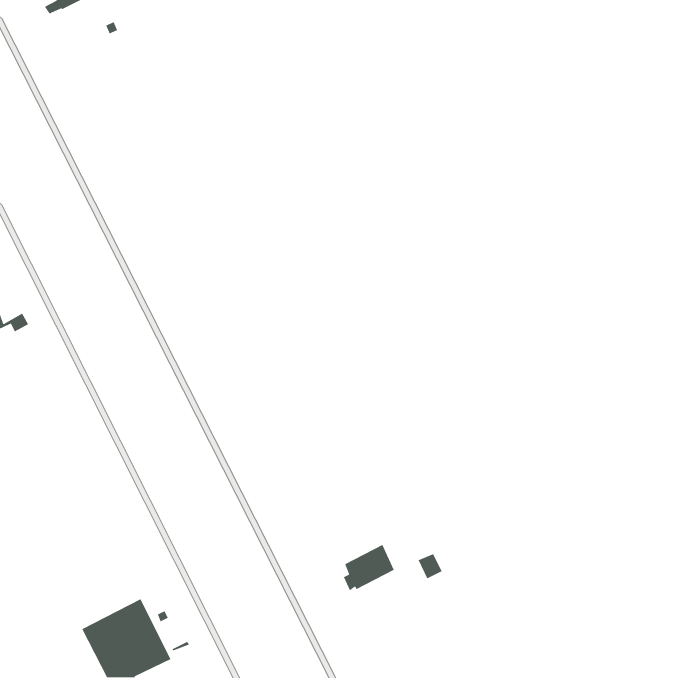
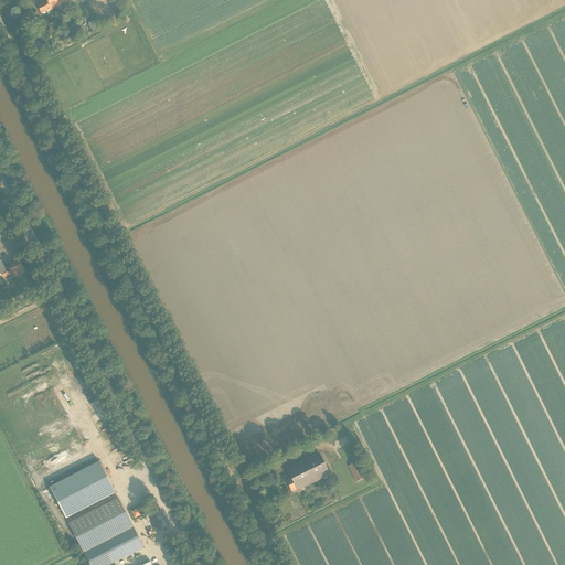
building: none -> [49,460,115,518]

